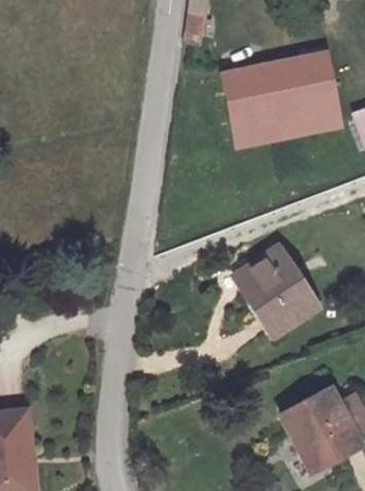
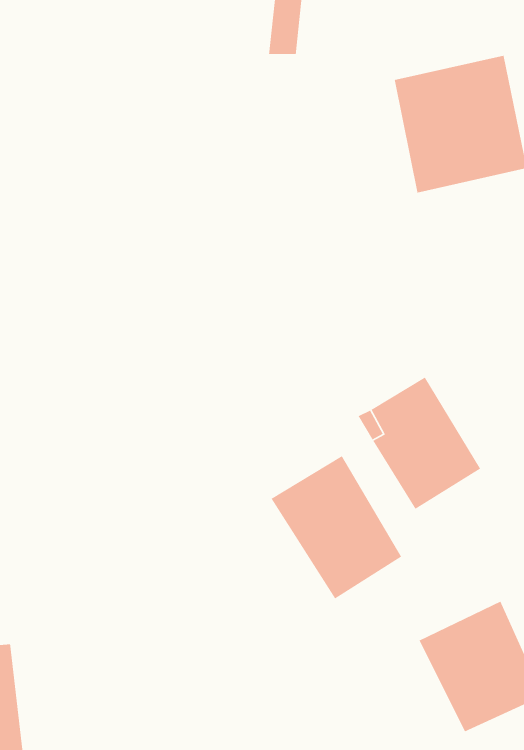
building: [228,57,277,137] -> none
building: none -> [270,455,402,600]

